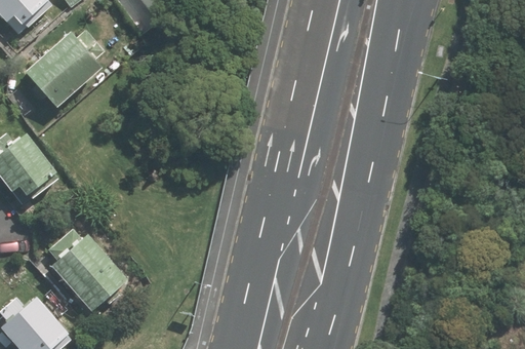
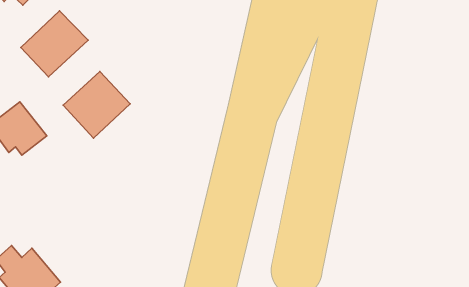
building: none -> [63,71,130,138]
building: [52,235,127,312] -> none

